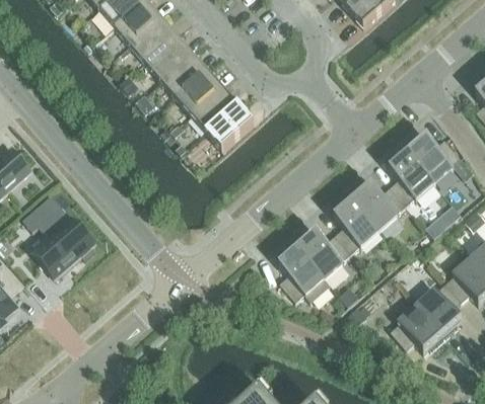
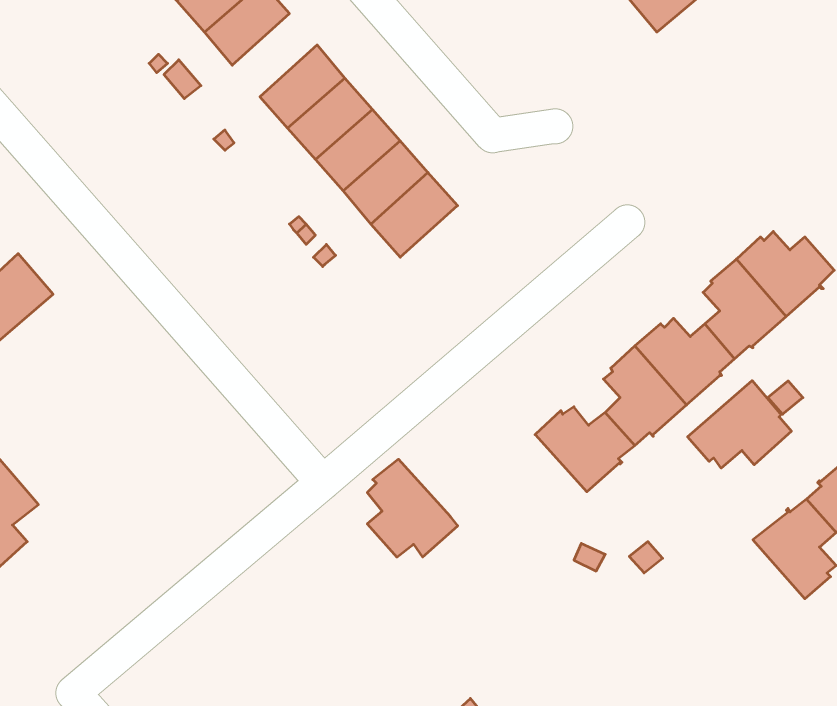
building: [129,15,176,61] -> none
building: [24,194,98,279] -> none
building: none -> [688,381,791,468]
building: [278,246,328,300] -> [367,459,458,557]
building: [389,304,443,351] -> none

